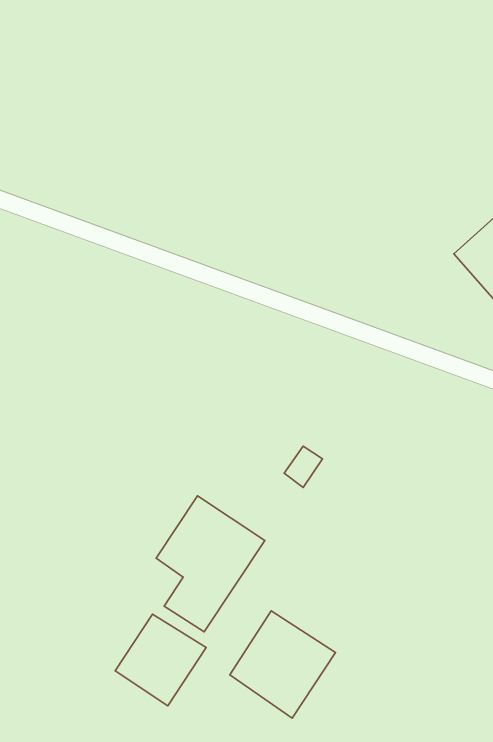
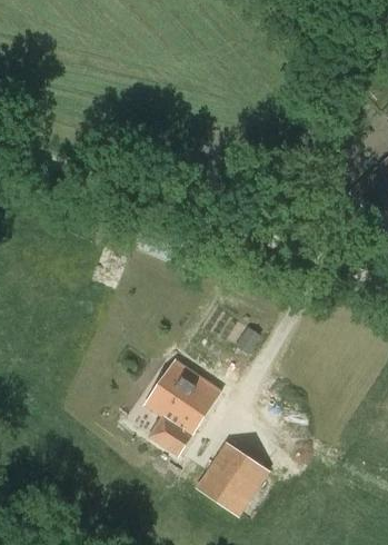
building: [115,614,206,706] -> none

